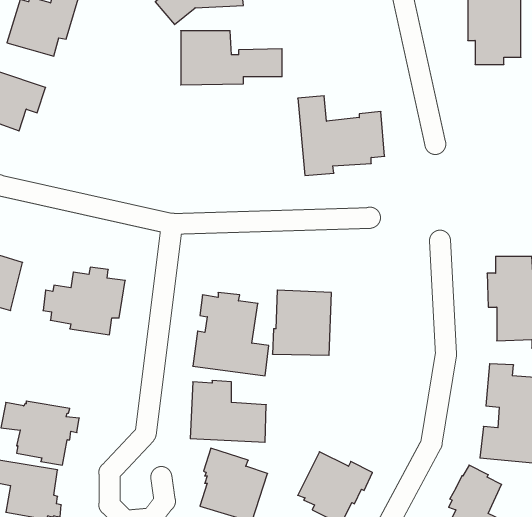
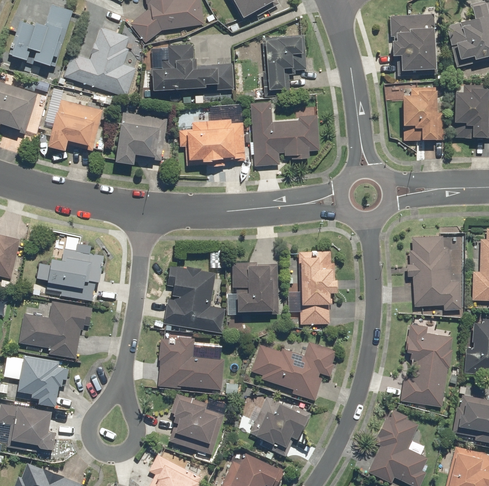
building: none -> [64,28,138,96]
building: none -> [262,34,316,94]
building: none -> [401,86,436,140]
building: none -> [45,99,105,152]
building: none -> [115,108,167,164]
building: none -> [179,118,243,165]
building: none -> [288,250,337,324]
building: none -> [19,301,92,359]
building: none -> [250,342,338,400]

